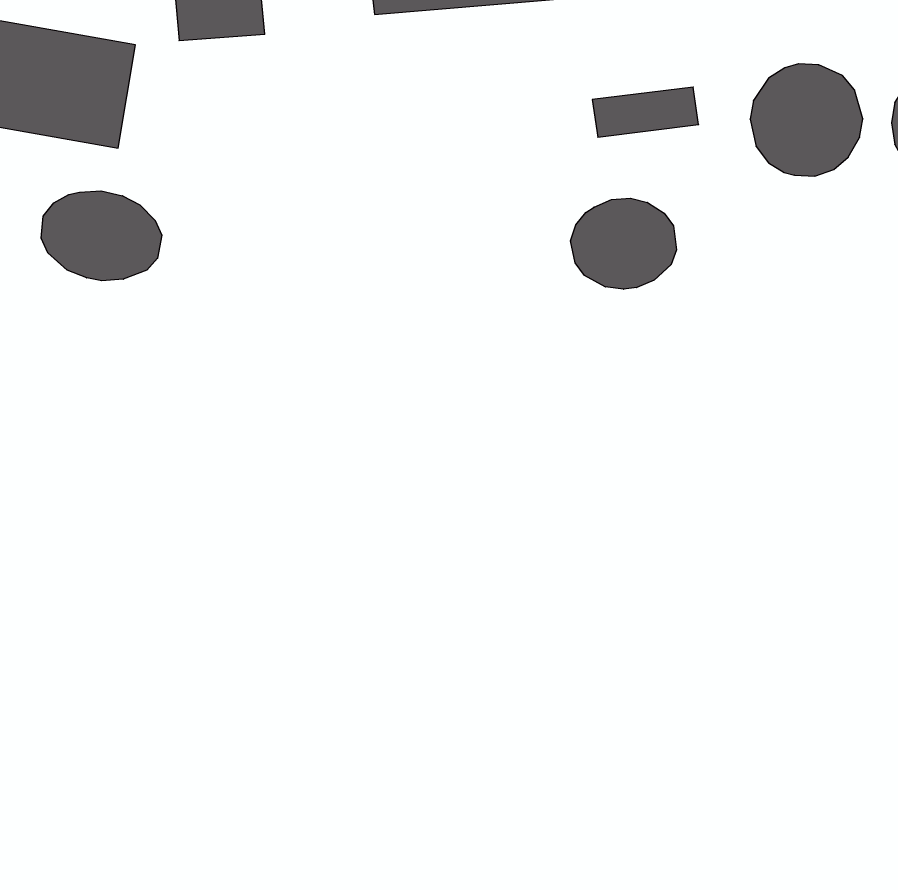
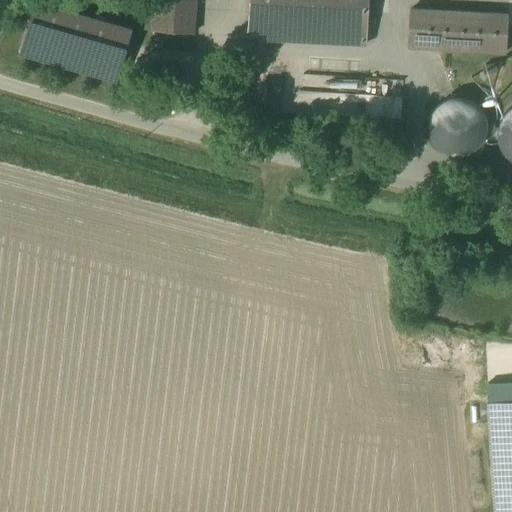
building: [41,191,162,281] -> none
building: [571,198,677,289] -> none

